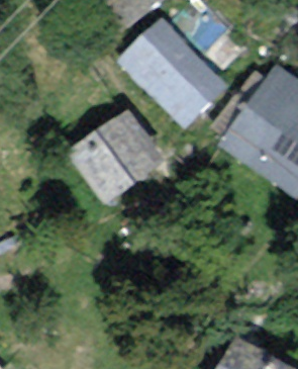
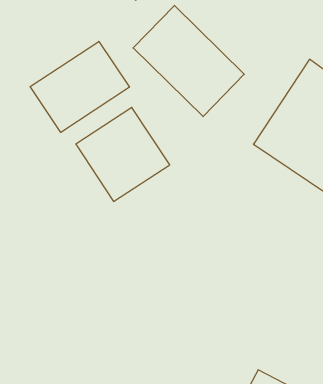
building: none -> [30,41,129,132]

